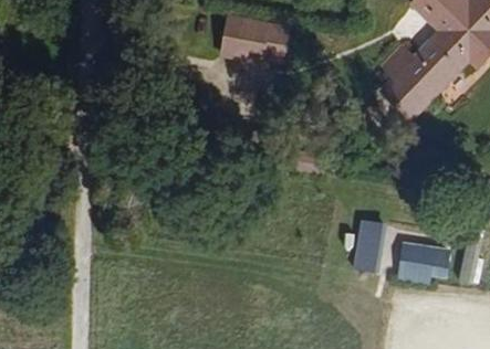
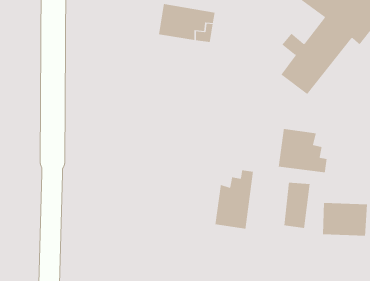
building: none -> [278,128,327,173]
building: none -> [215,170,254,229]

